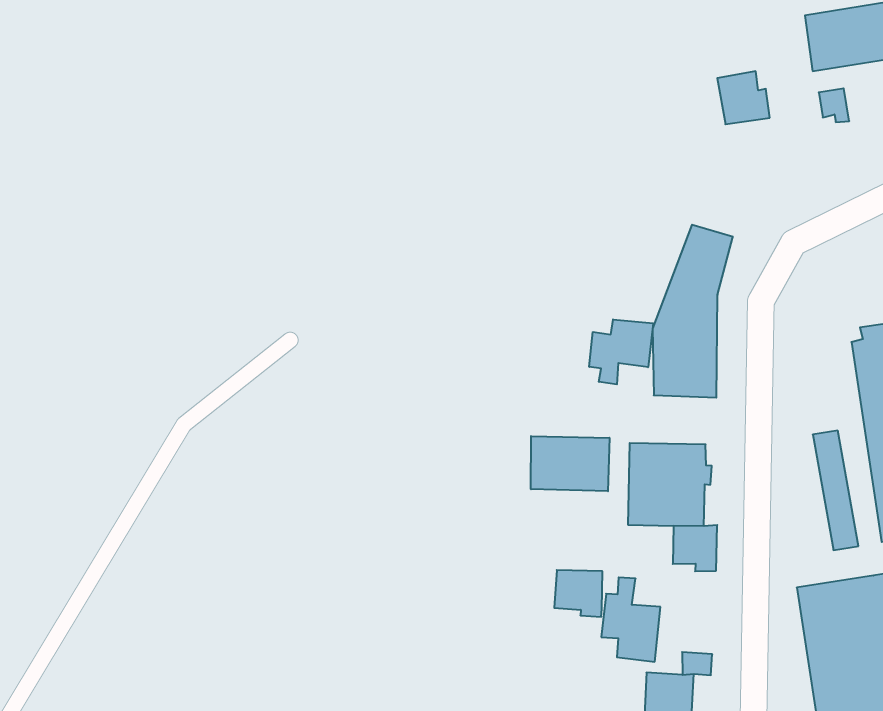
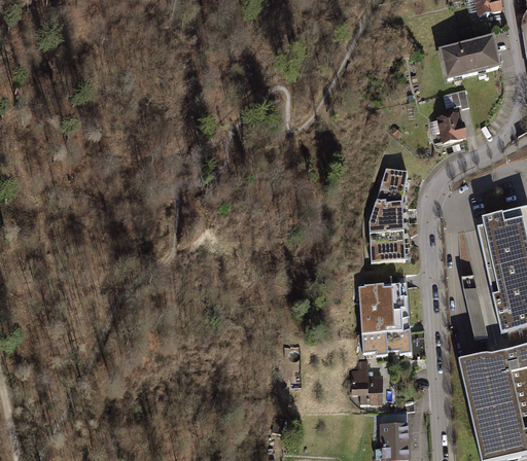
building: [717,71,770,124] -> [436,111,466,141]
building: [589,319,653,384] -> none
building: [531,436,609,491] -> none
building: [554,570,602,617] -> [363,329,389,354]

